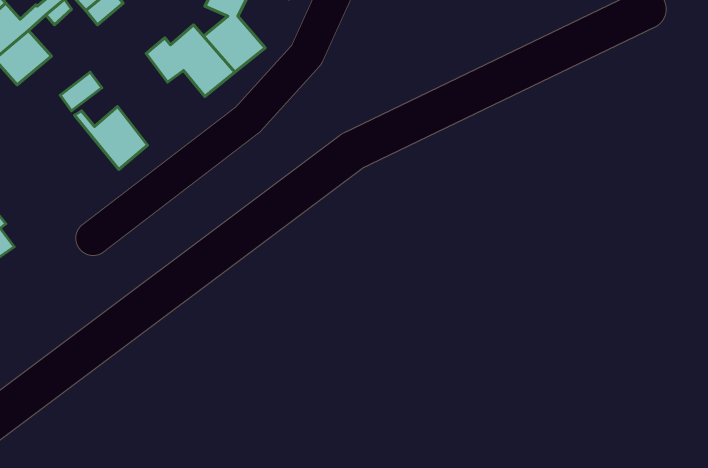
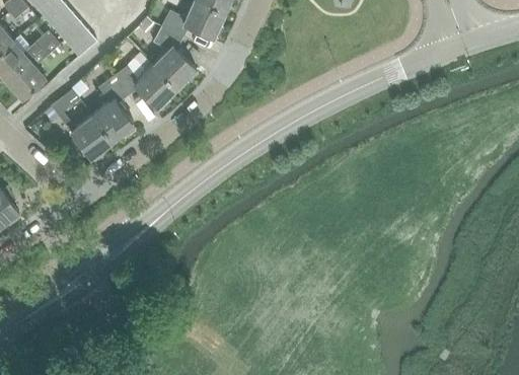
building: none -> [92,77,134,142]

